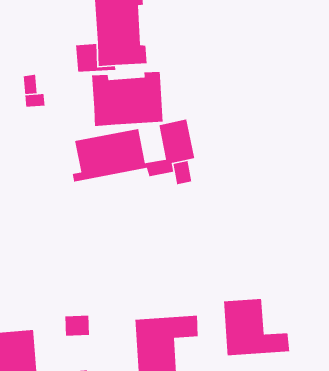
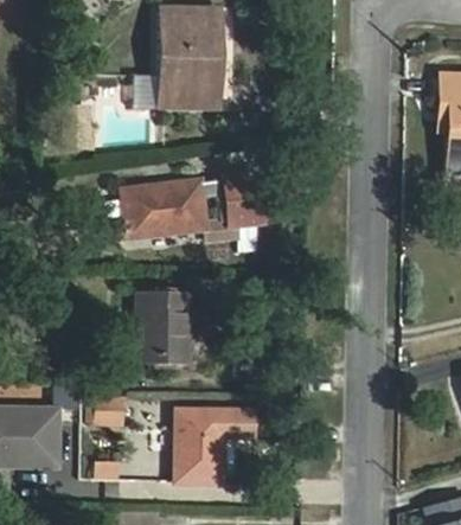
building: [91,71,164,127] -> none
building: none -> [136,292,190,363]
building: [223,298,290,356] -> none

